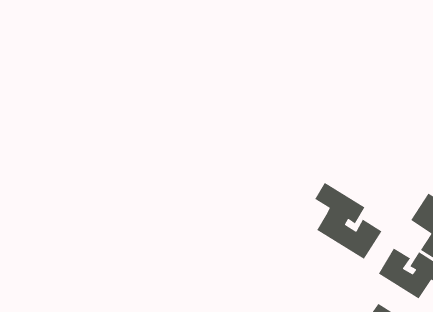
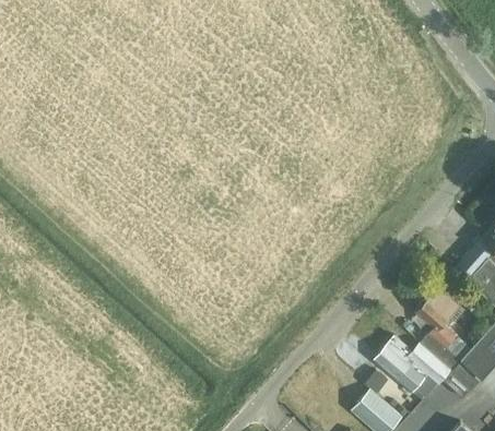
building: [314,182,382,260] -> none

